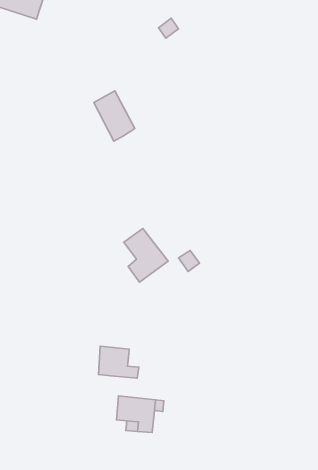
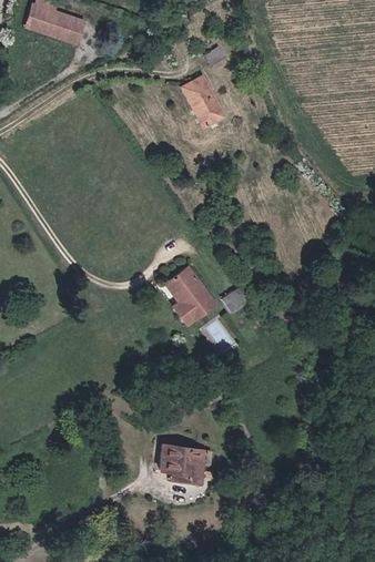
building: [94,91,135,141] -> [181,74,224,127]
building: [98,346,139,378] -> none

